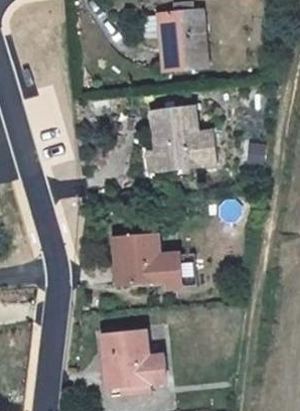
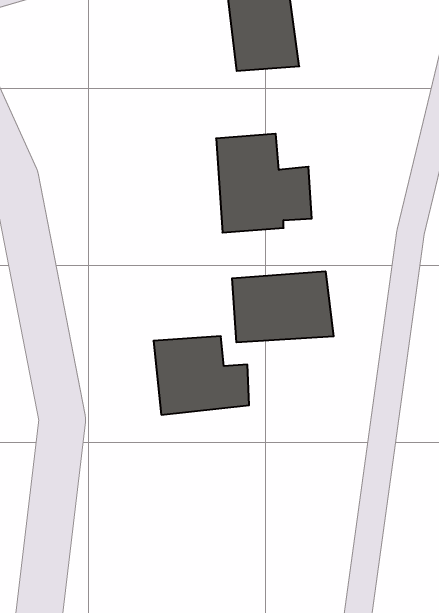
building: none -> [232,271,334,342]
building: [103,328,183,393] -> none

